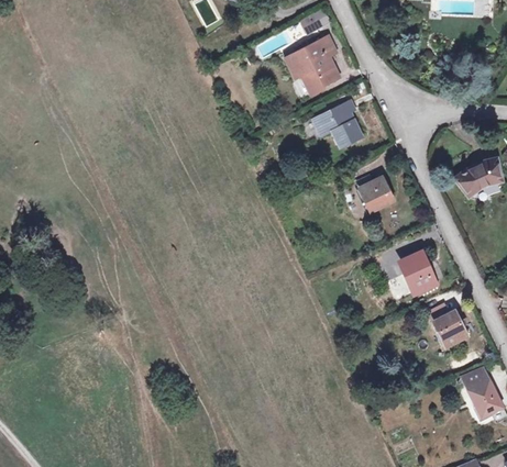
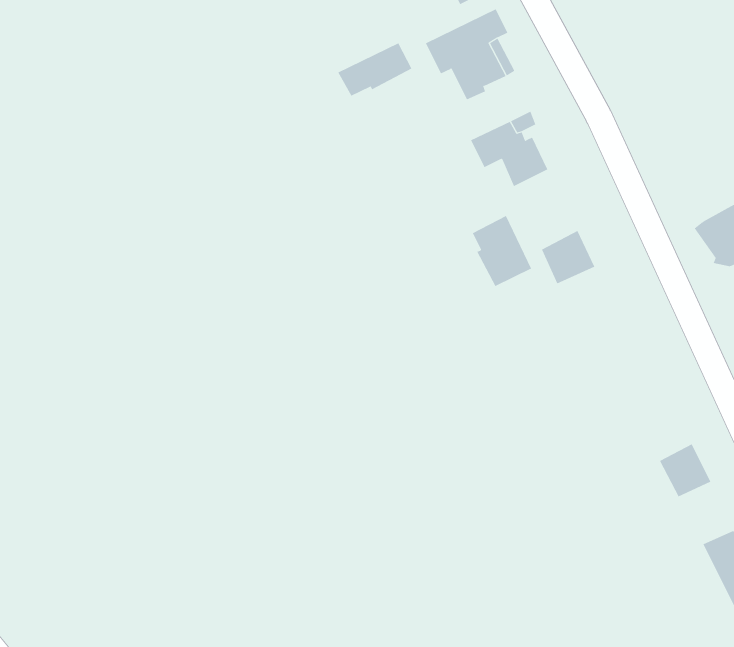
building: none -> [338,42,412,97]
building: none -> [472,215,532,287]
building: [398,253,430,290] -> none

